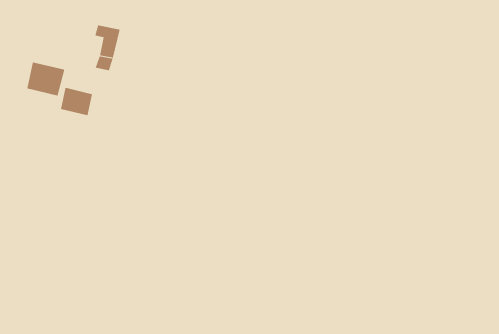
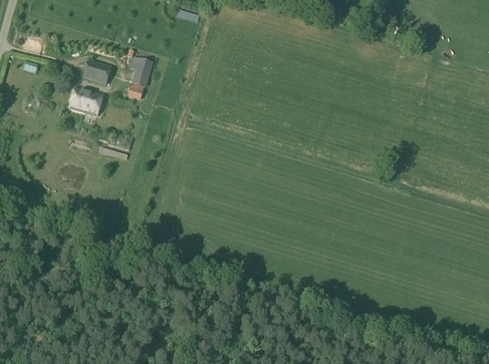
building: [60,87,93,116] -> [83,58,111,83]

